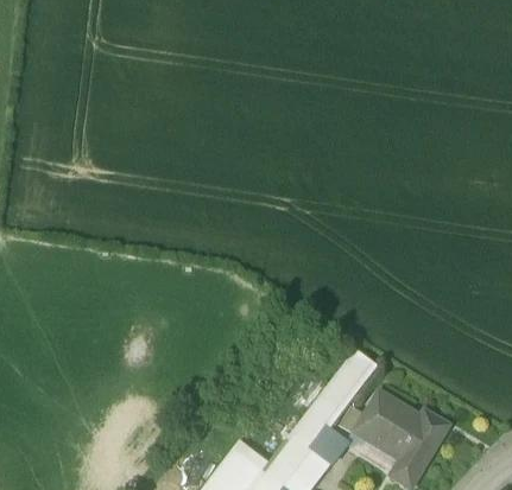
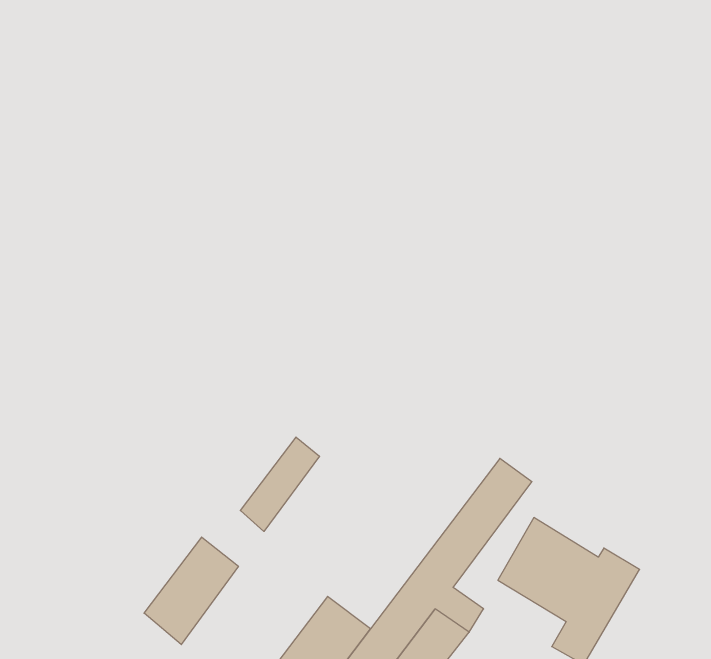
building: none -> [240,437,320,531]
building: none -> [144,537,238,645]

